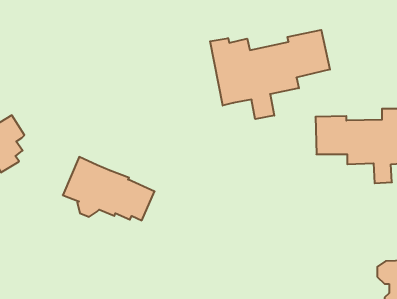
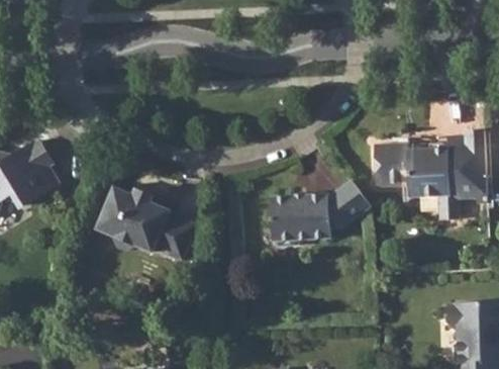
building: [210,30,330,119] -> none
building: none -> [271,180,371,246]

